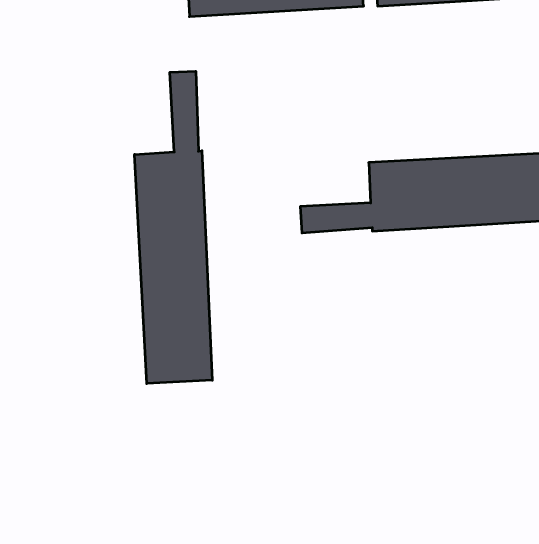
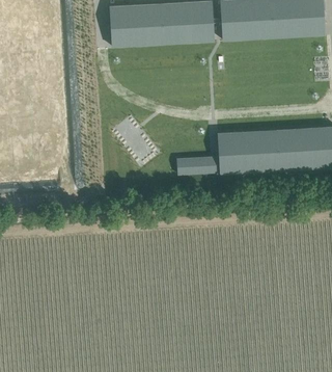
building: [135,71,212,384] -> none

